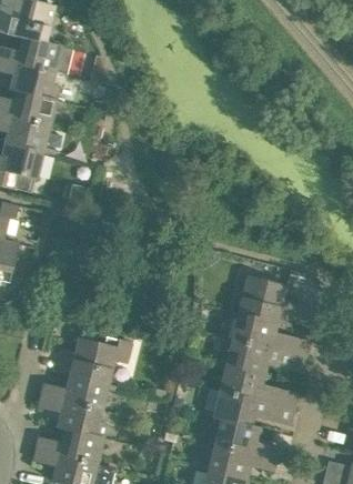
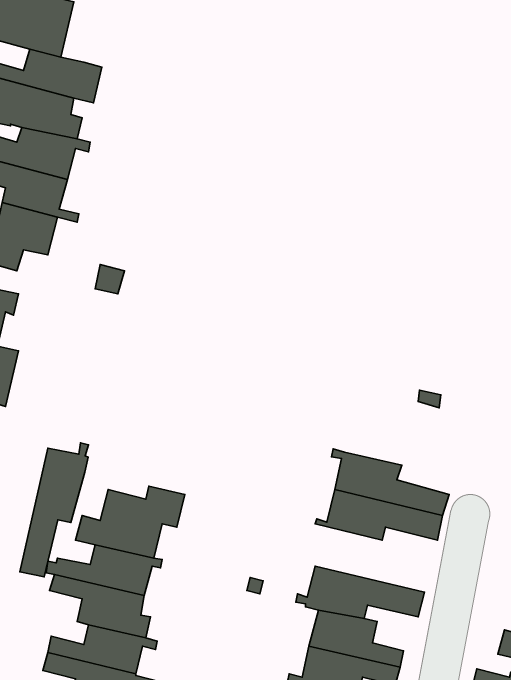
building: [238,276,294,325] -> none
building: none -> [20,443,88,577]
building: [216,362,295,409] -> none

